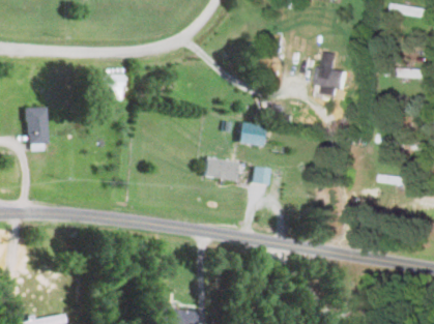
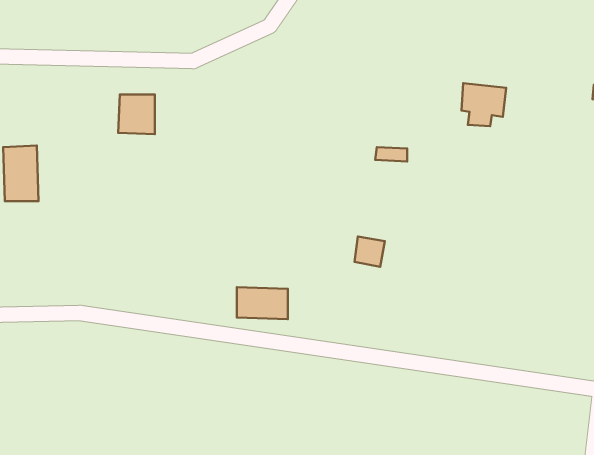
building: [239,122,265,145] -> none
building: [204,158,237,179] -> [237,287,288,319]

